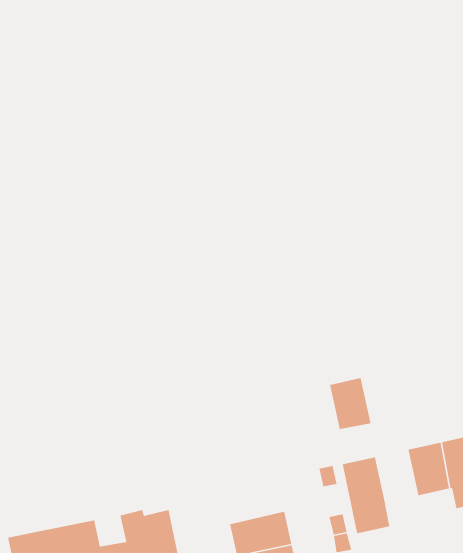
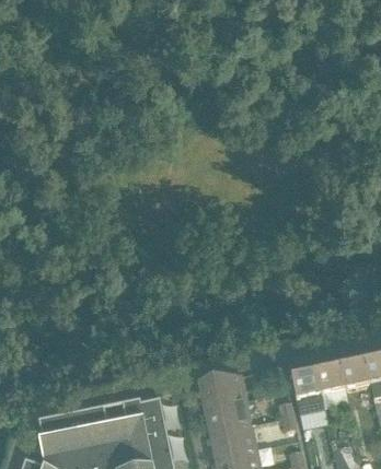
building: [329,377,371,430] -> [313,354,345,394]
building: none -> [198,375,245,410]

